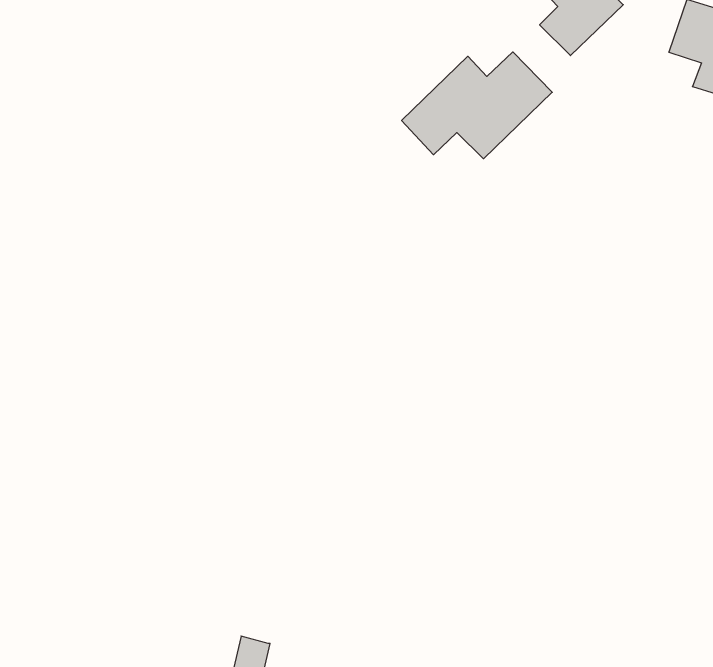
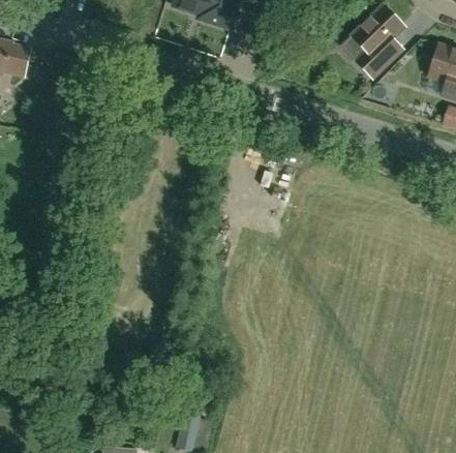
building: [402,52,552,159] -> none

